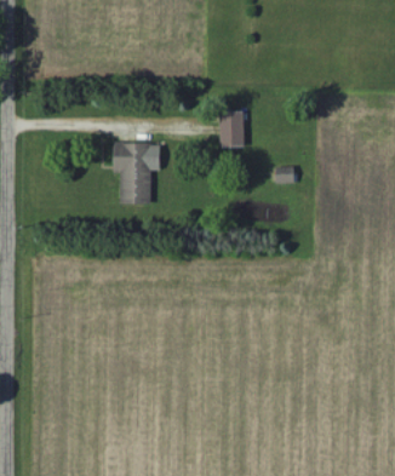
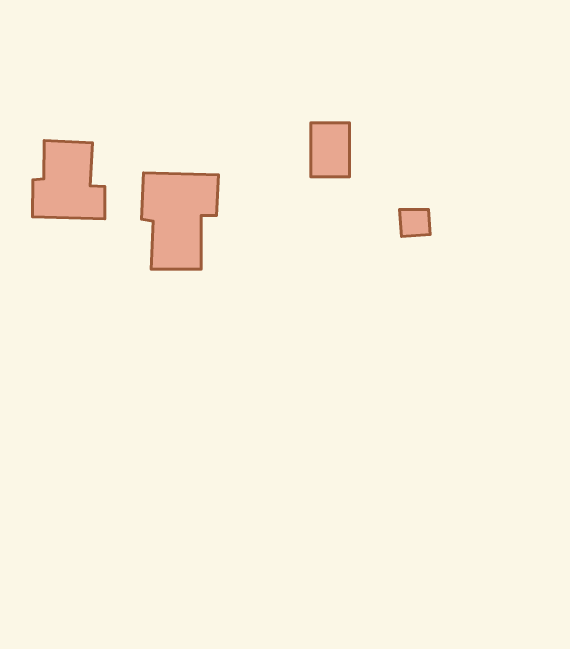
building: none -> [32,140,105,219]

